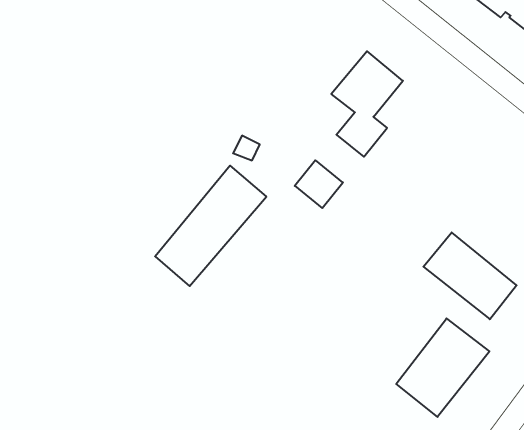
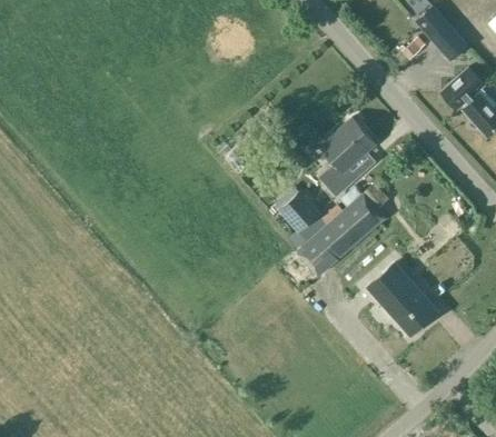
building: [155,166,266,286] -> [296,191,387,277]
building: [396,318,489,417] -> none

